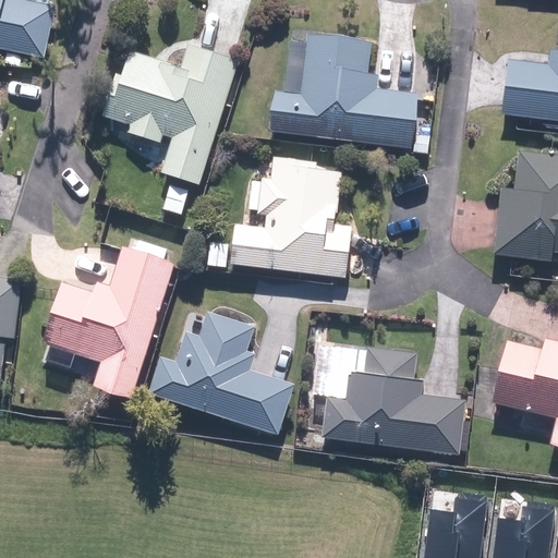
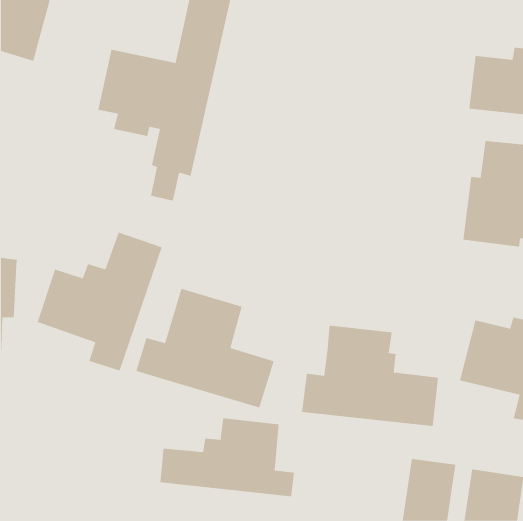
building: [269,38,416,142] -> none
building: [208,161,345,271] -> none
building: none -> [160,417,295,497]

